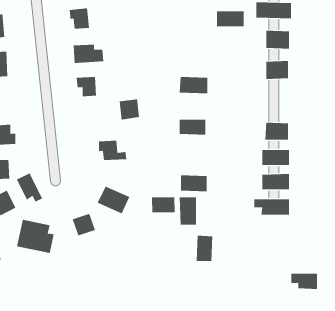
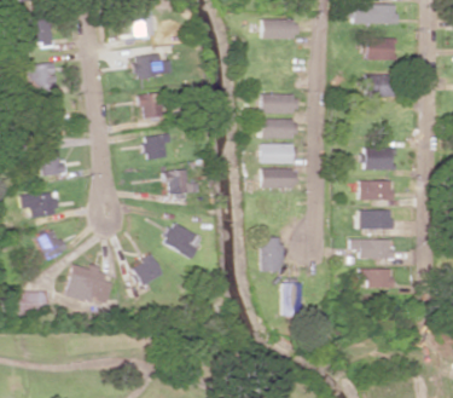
building: [216,11,244,27] -> [262,19,296,39]
building: none -> [262,119,296,138]
building: [119,99,140,120] -> [144,134,169,160]
building: [16,172,43,203] -> none
building: [180,175,207,192] -> [261,168,294,189]
building: [151,197,175,213] -> none
building: [290,273,318,289] -> [360,269,393,288]

